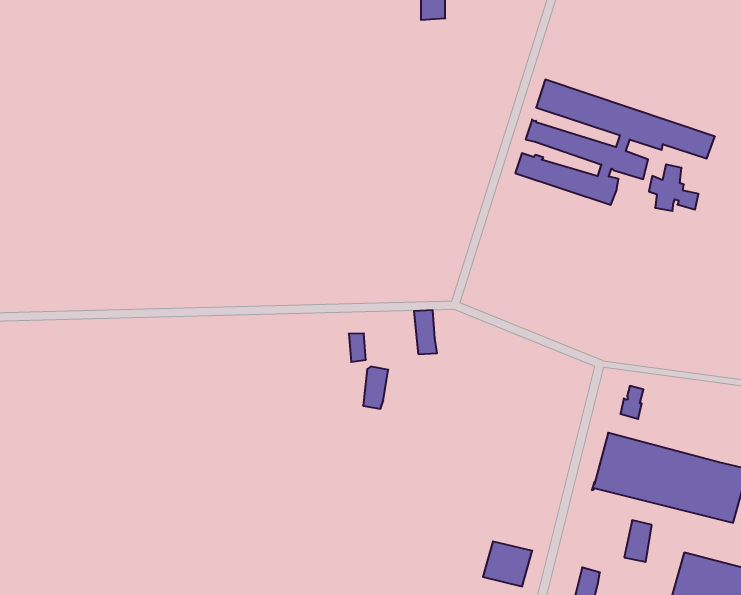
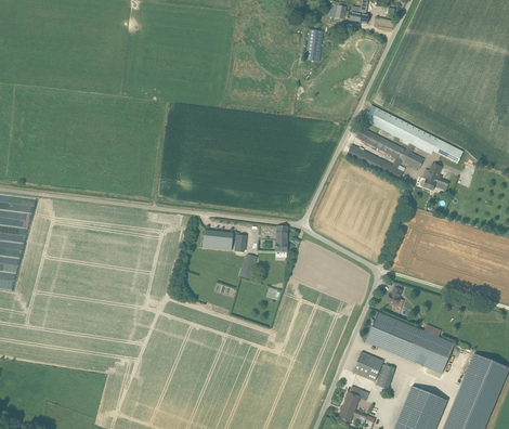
building: none -> [203,231,233,250]
building: [483,541,532,586] -> [353,352,383,380]

